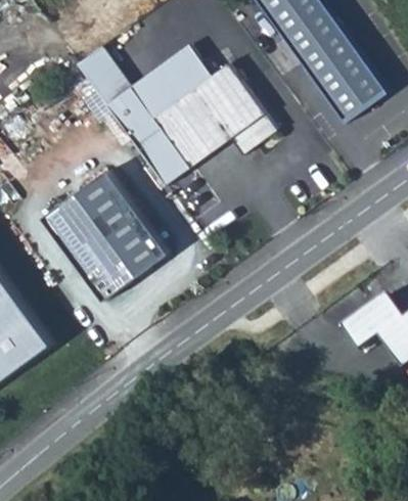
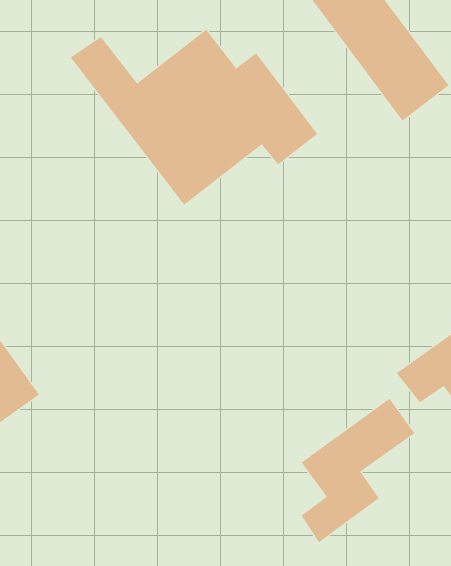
building: [43,166,171,298] -> none
building: none -> [301,398,415,543]

